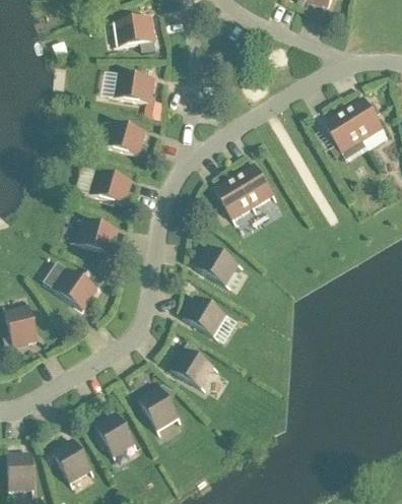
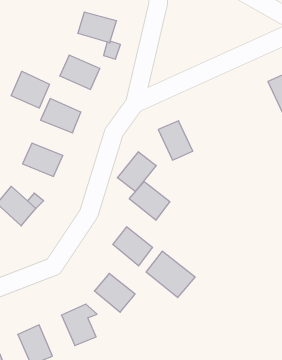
building: none -> [11,71,49,108]
building: [236,164,275,206] -> none
building: none -> [117,152,156,192]
building: none -> [146,251,195,298]

